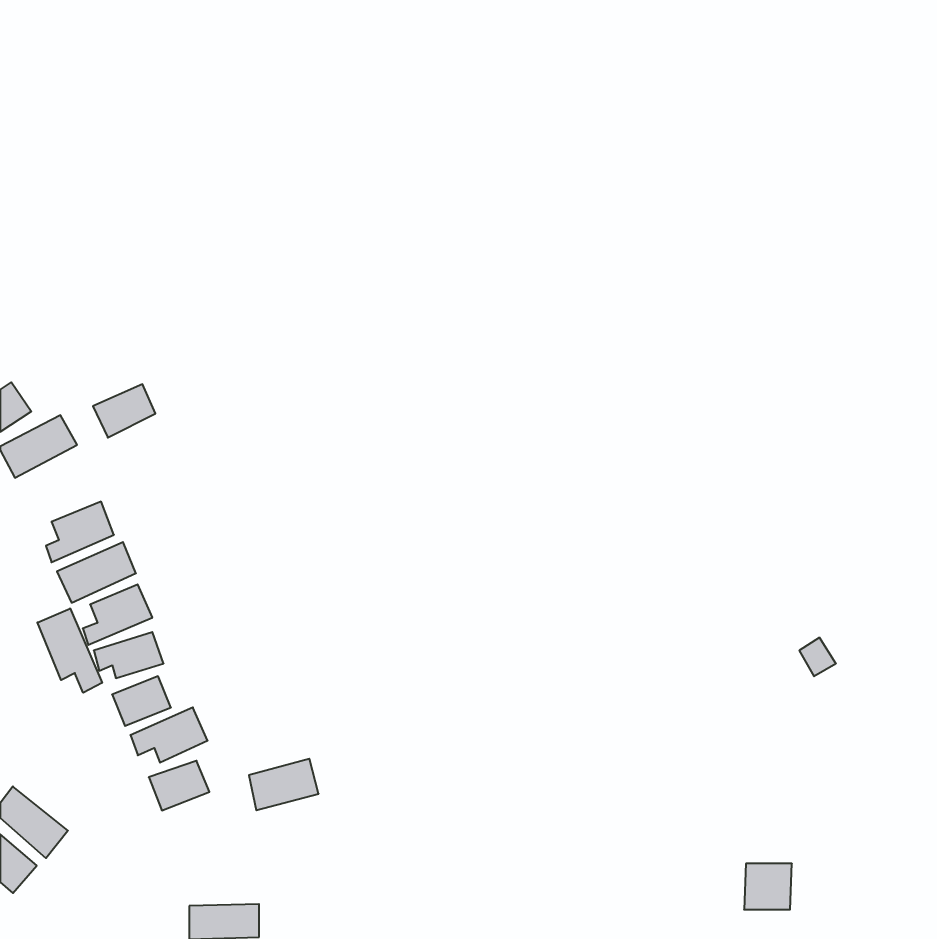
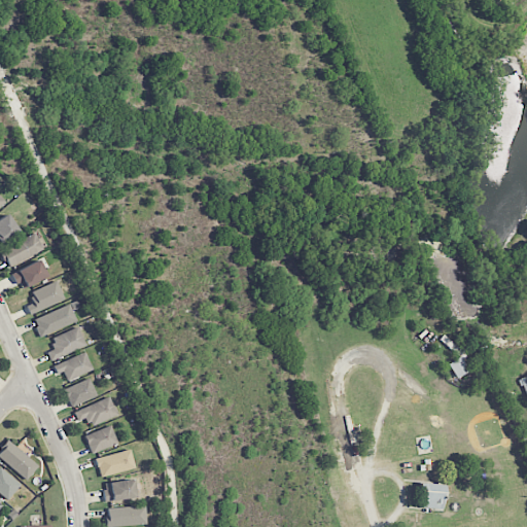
building: [93,384,155,438] -> [12,260,47,290]
building: [37,608,102,693] -> none
building: [249,759,319,810] -> [96,449,135,478]
building: none -> [104,480,135,501]

